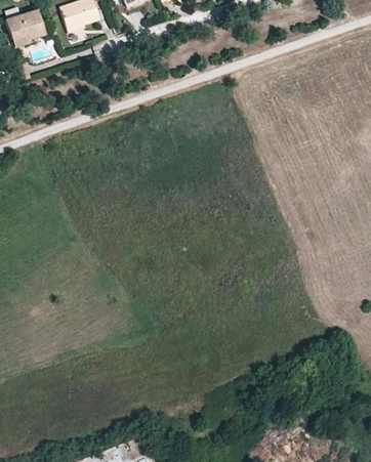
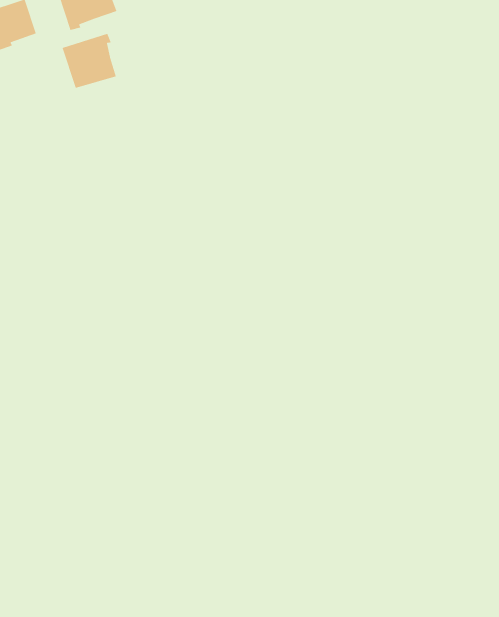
building: none -> [62,33,117,89]

